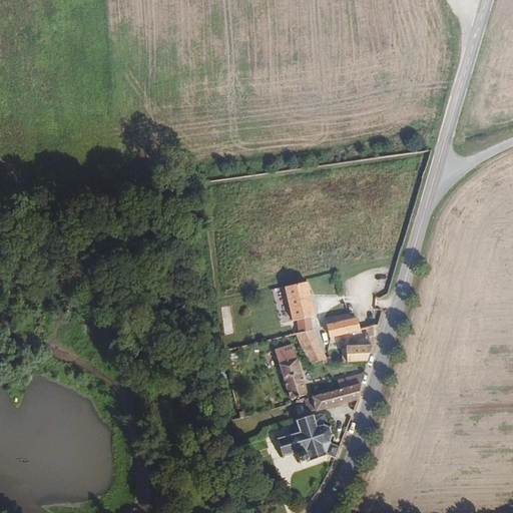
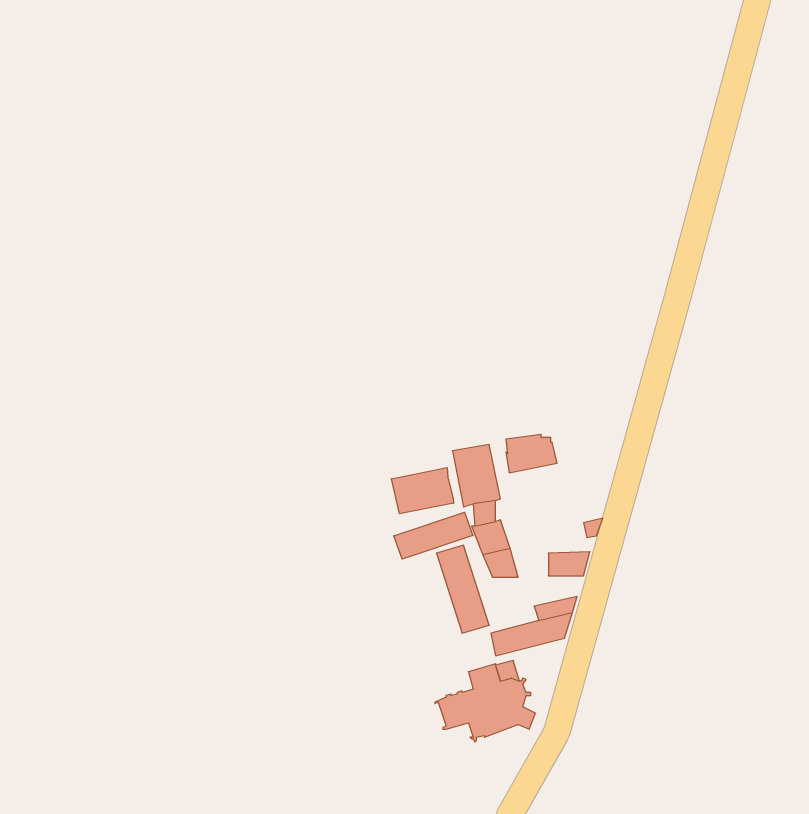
building: none -> [391,468,454,514]
building: [327,312,359,336] -> [506,434,557,473]
building: none -> [394,512,473,559]

